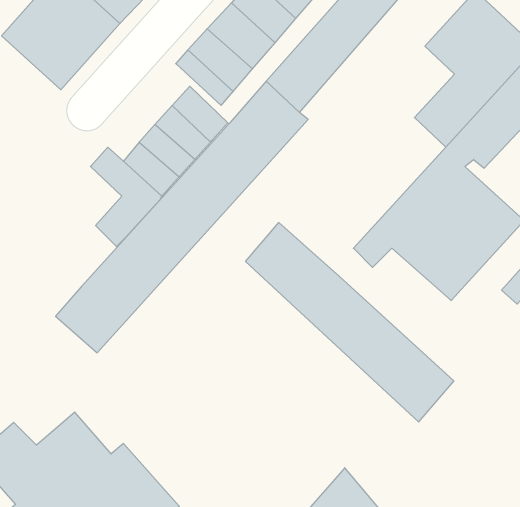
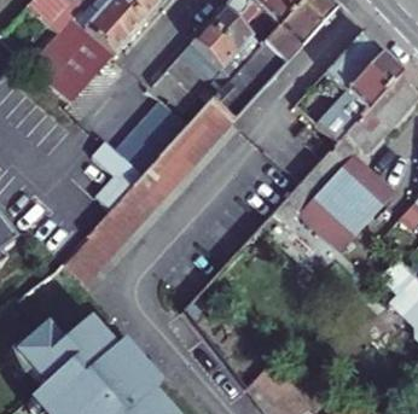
building: [246,223,454,422] -> none

